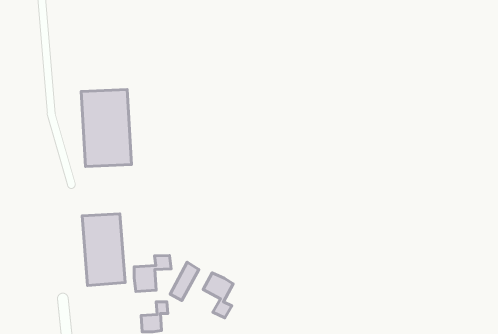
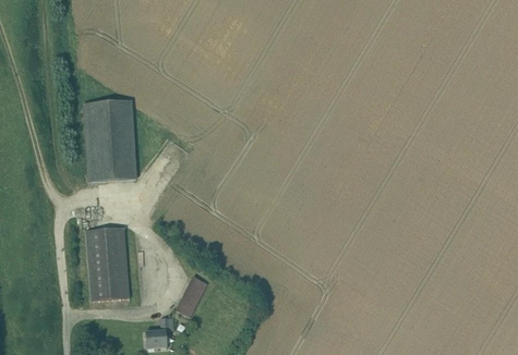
building: [134,255,171,291] -> none
building: [203,273,233,318] -> none

